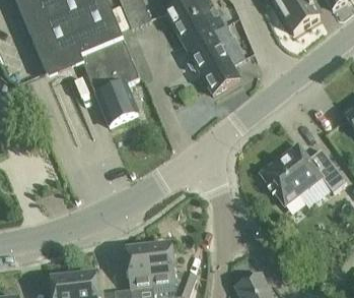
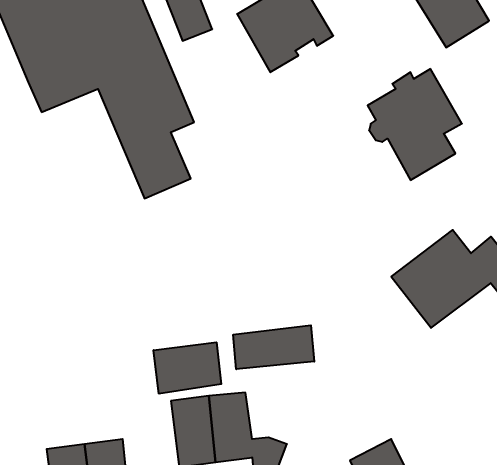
building: [186,24,243,93] -> [368,69,462,180]
building: none -> [233,325,314,369]
building: none -> [154,342,221,394]

